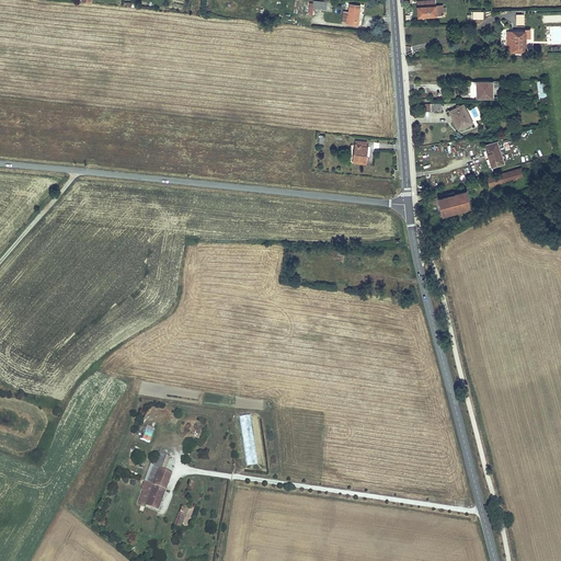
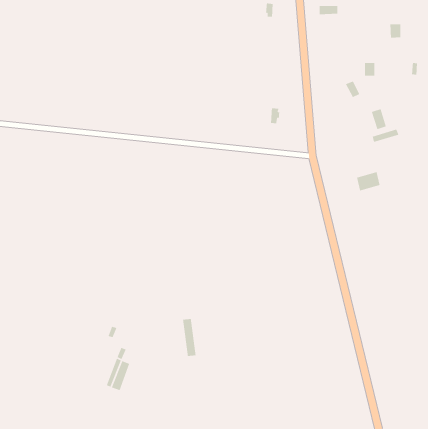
building: [438,192,470,218] -> [356,171,381,191]

